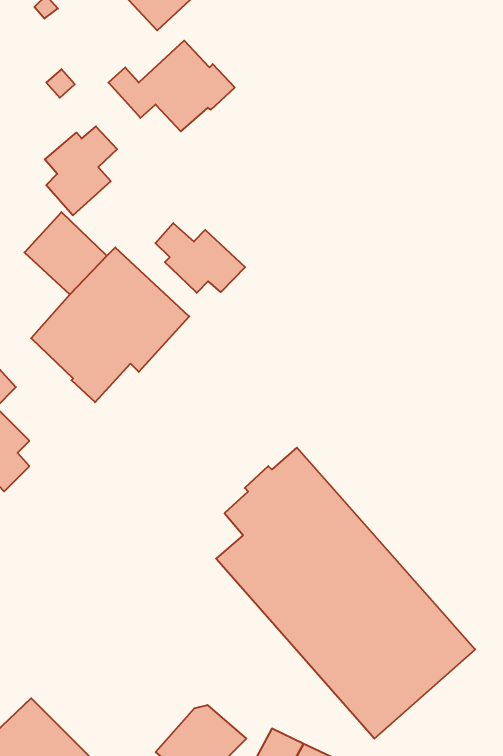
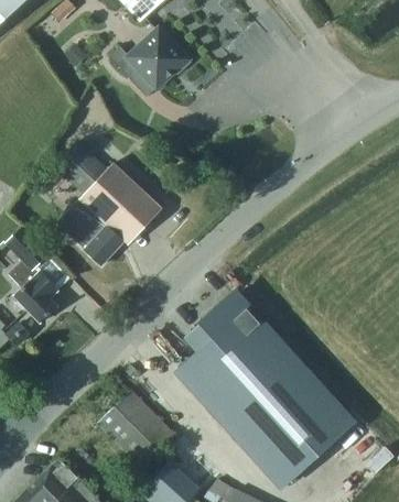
building: [45,126,117,215] -> none
building: [155,223,245,293] -> none
building: none -> [98,391,175,469]

